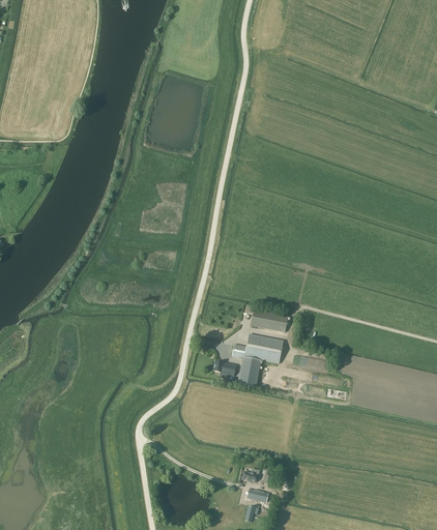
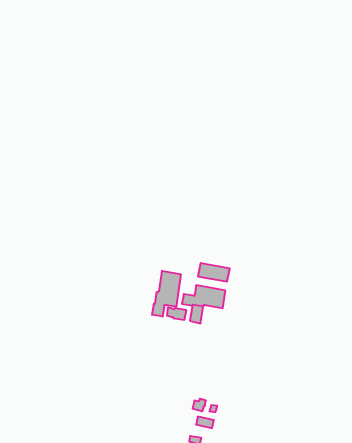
building: none -> [152,271,181,317]

